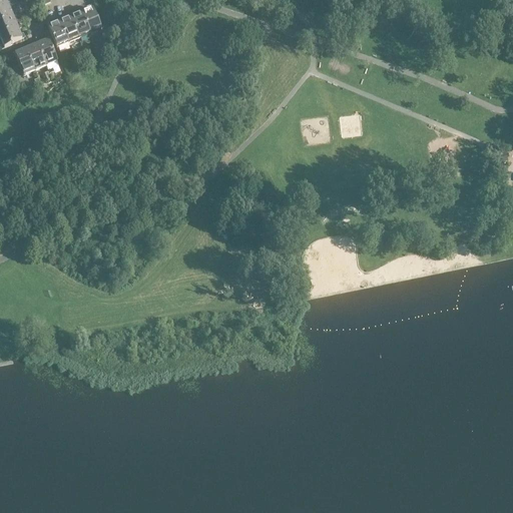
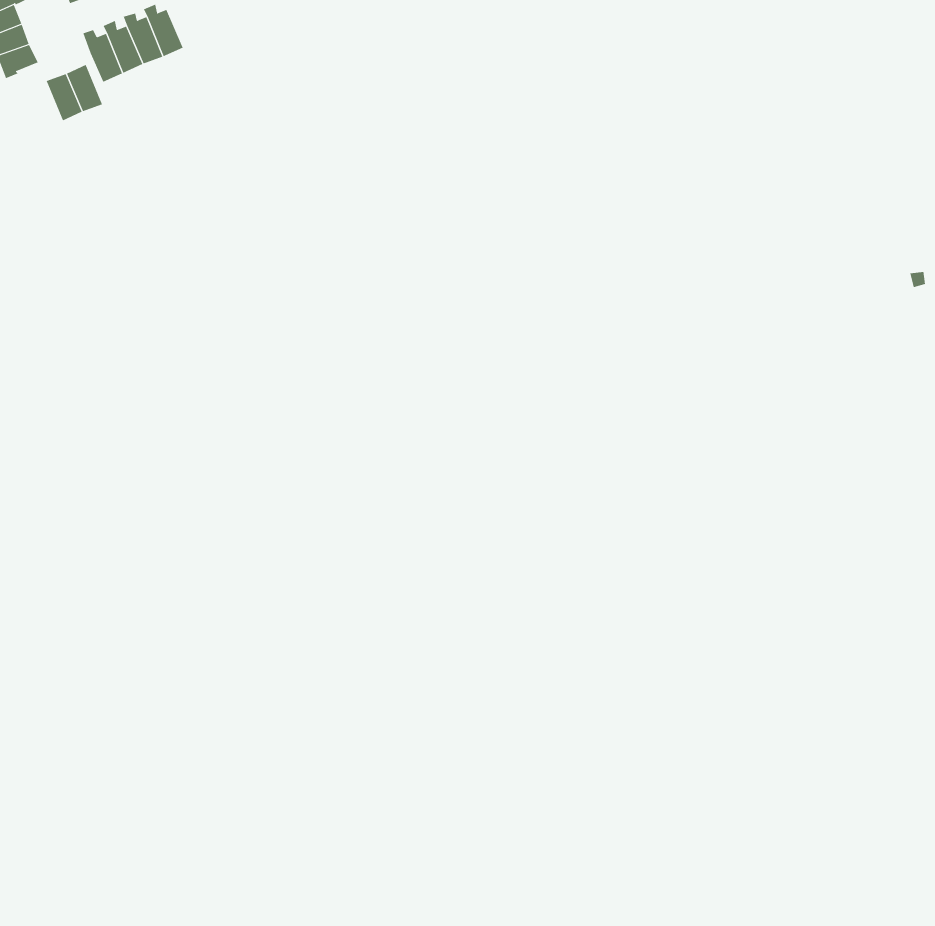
building: [7,44,34,71] -> none

